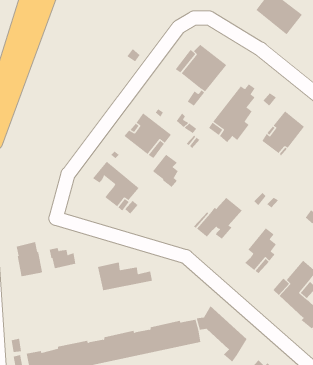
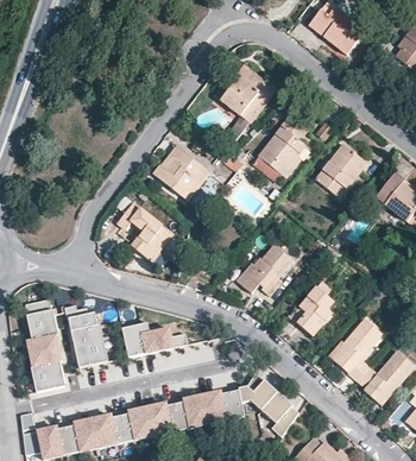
building: [152,154,179,188] -> none
building: none -> [70,324,107,367]
building: none -> [27,335,64,391]

